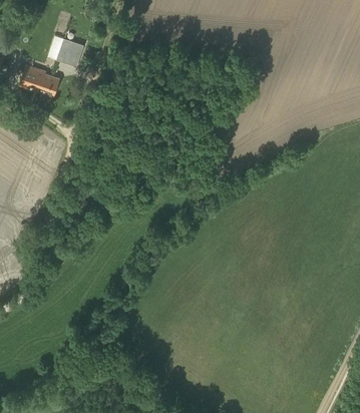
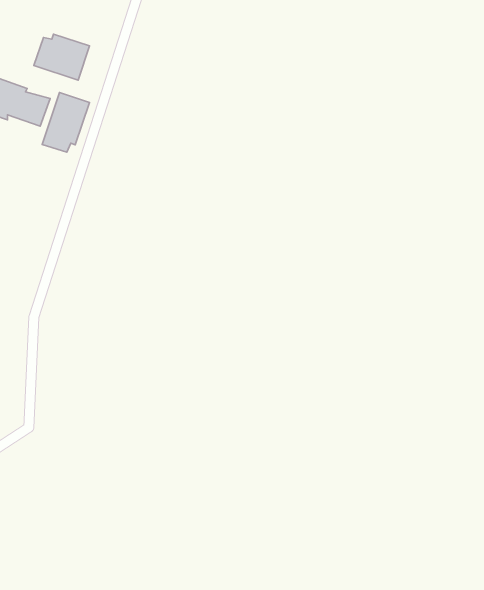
building: none -> [42,93,90,152]

